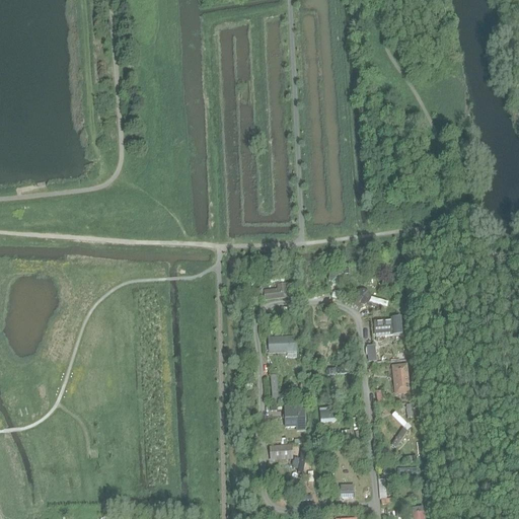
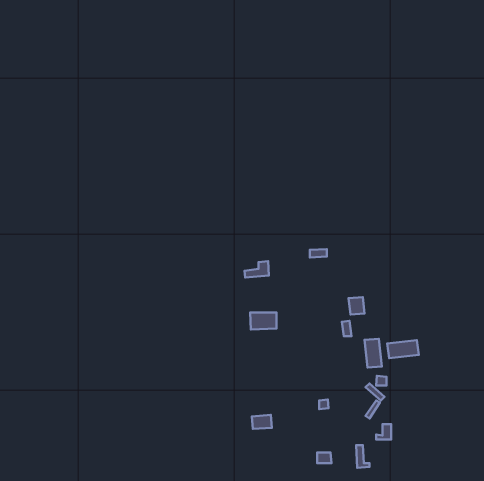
building: none -> [387,340,419,358]
building: [284,405,304,429] -> none

